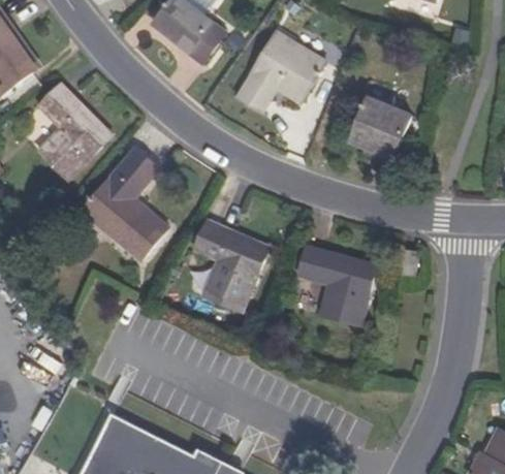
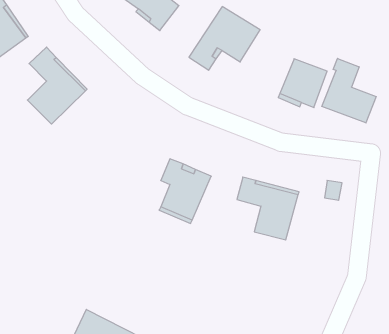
building: none -> [322,58,376,123]
building: [83,149,168,258] -> none

